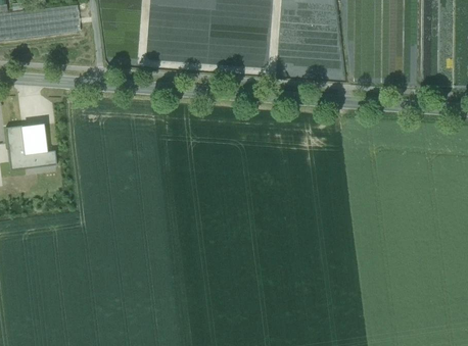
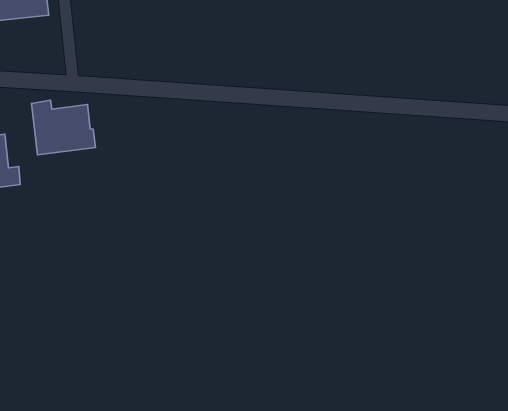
building: none -> [32,100,95,155]

